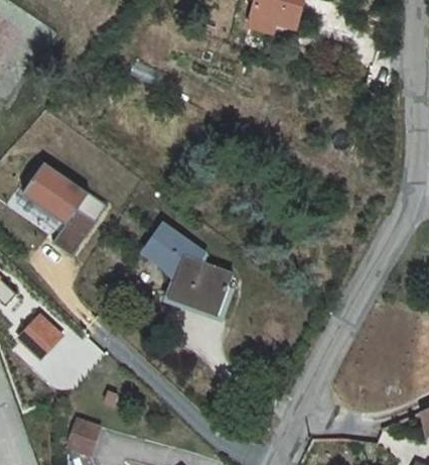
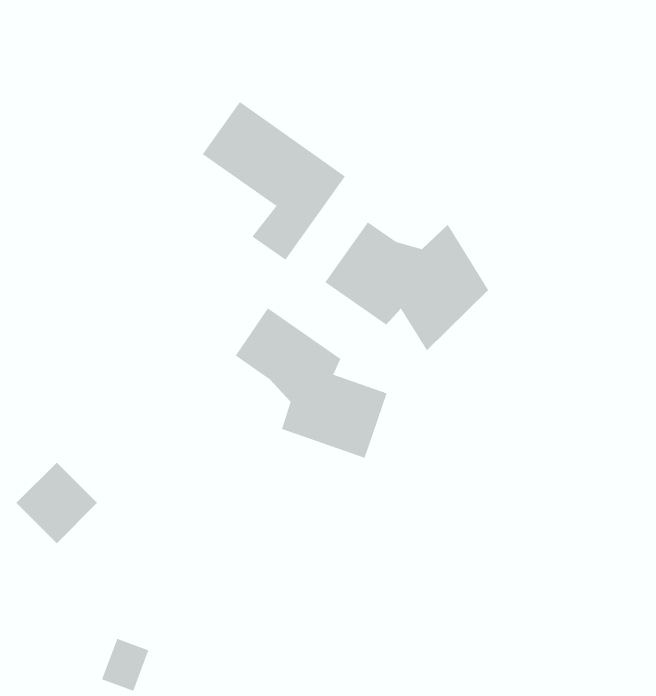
building: [24,158,109,252] -> [202,101,346,261]
building: none -> [325,221,489,351]

